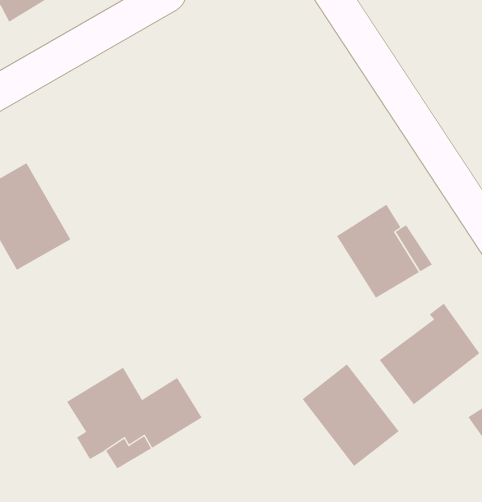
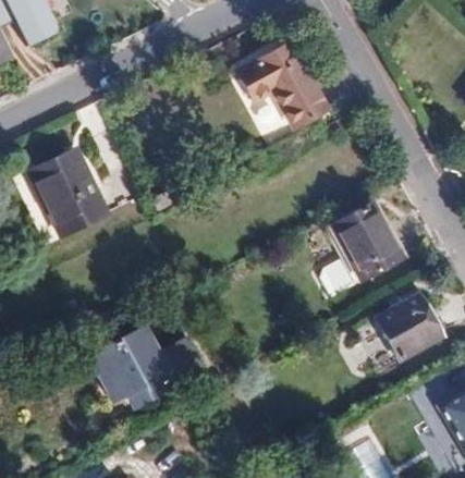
building: none -> [241,48,327,131]
building: [302,364,399,467] -> none

